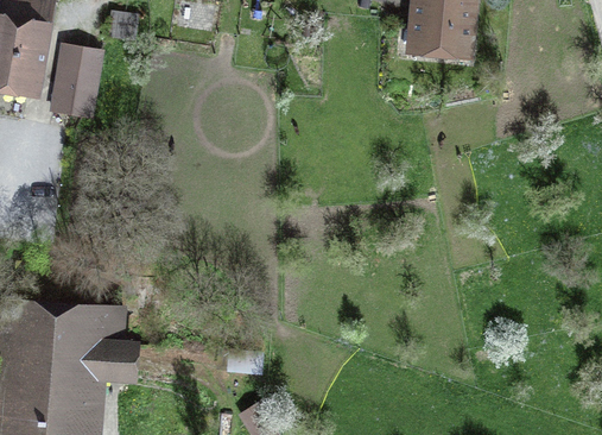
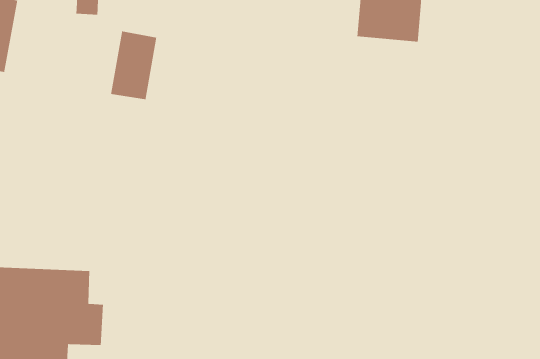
building: [50,40,100,114] -> [110,31,157,100]

